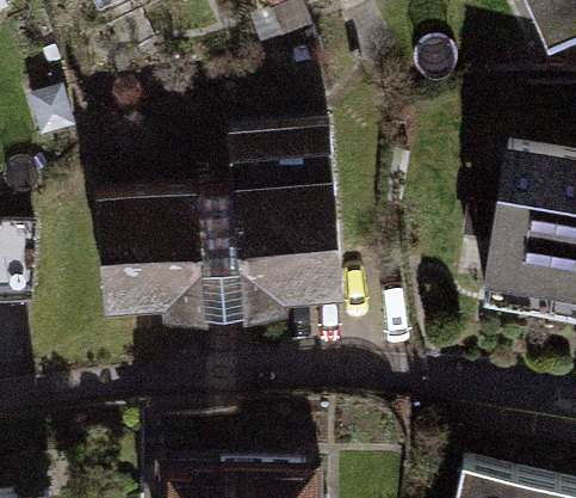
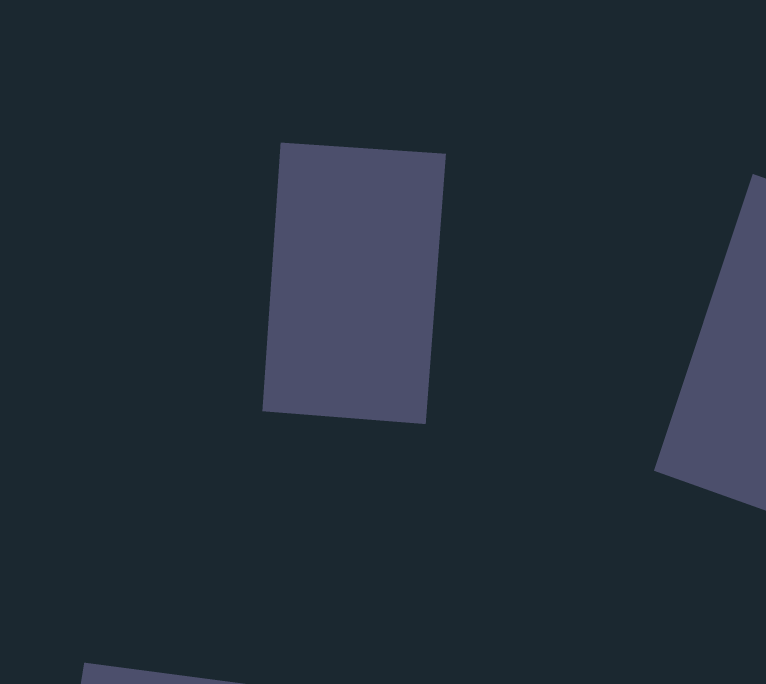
building: [95,179,225,327] -> none

